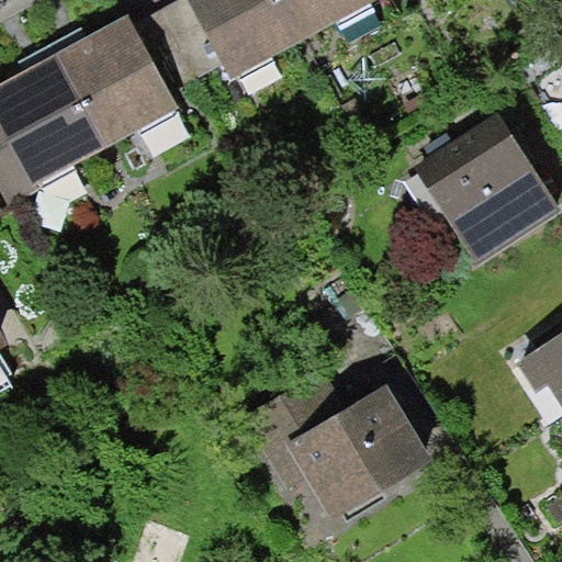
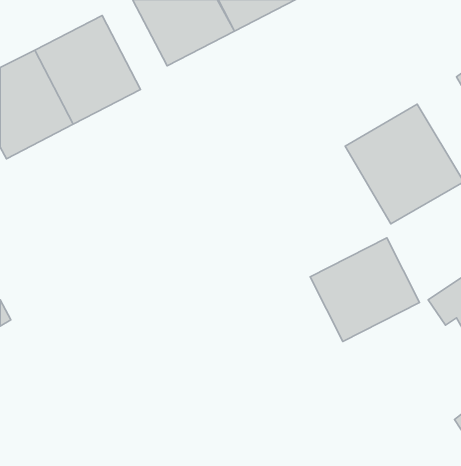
building: none -> [310,238,420,342]
building: [246,375,424,522] -> none

